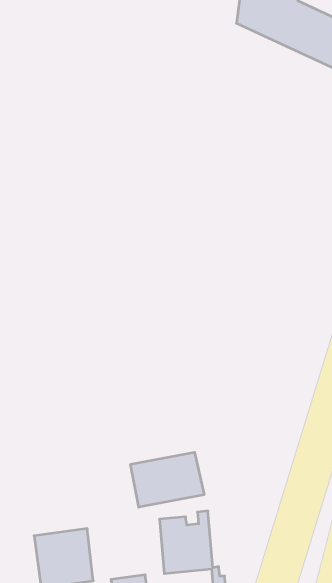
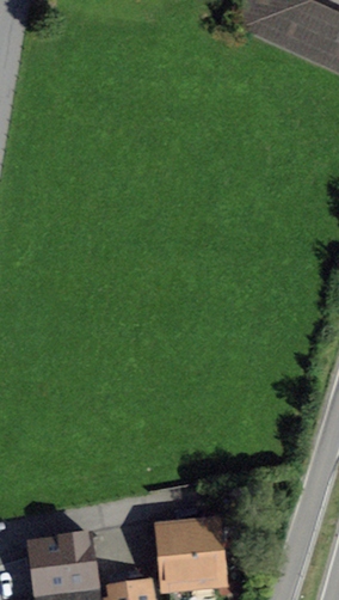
building: [131,452,204,507] -> none

